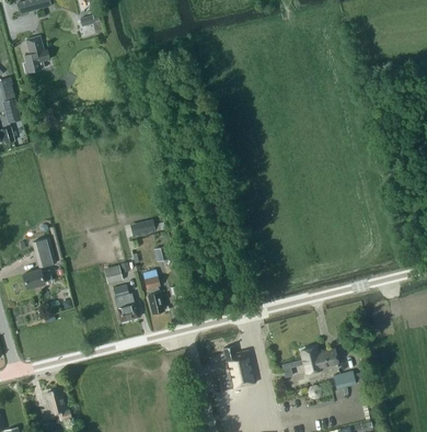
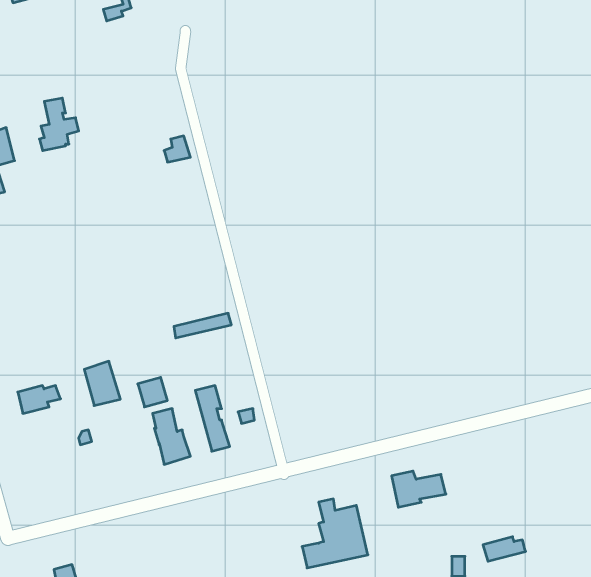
building: [23,36,49,71] -> [39,98,79,151]
building: [32,236,56,265] -> [84,361,120,406]
building: [300,348,336,372] -> [392,471,446,507]

